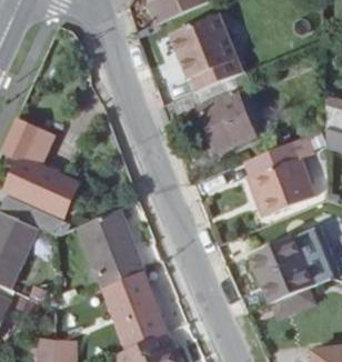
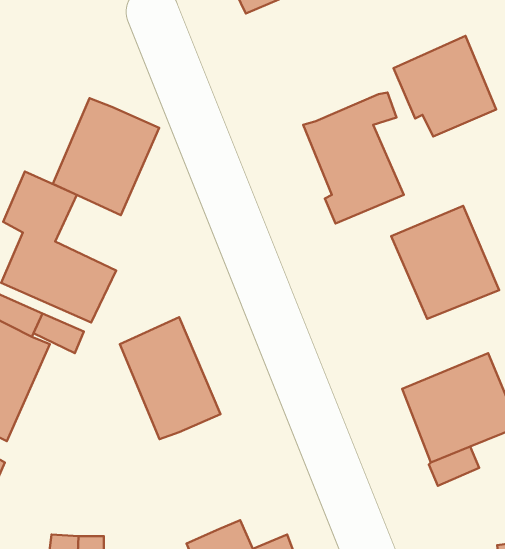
building: [177,28,240,90] -> [394,36,496,137]
building: none -> [53,98,159,215]
building: [117,271,168,342] -> none

